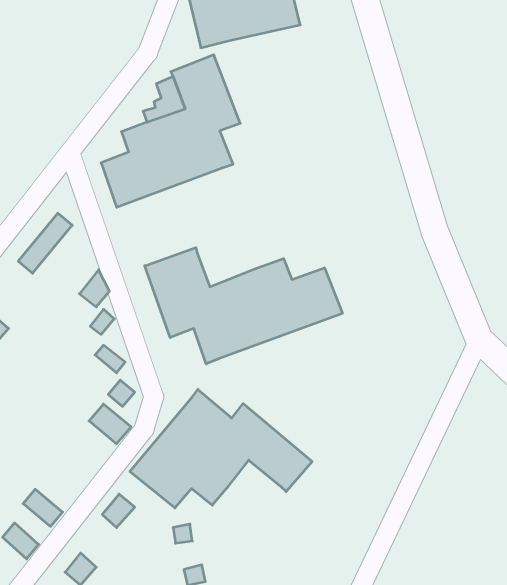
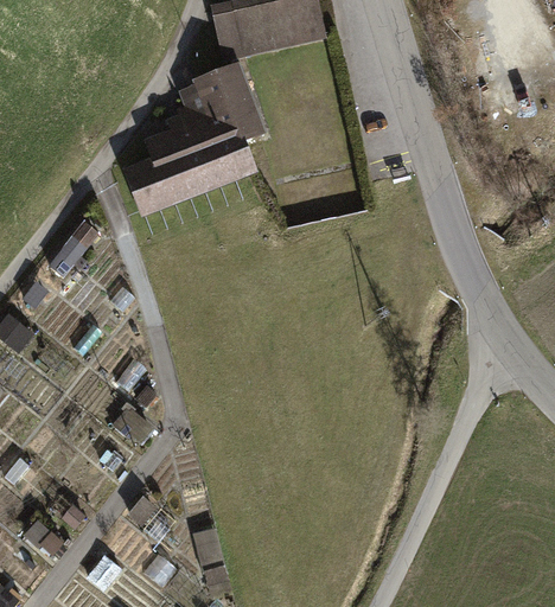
building: [145,248,342,364] -> none
building: [130,389,312,508] -> none

